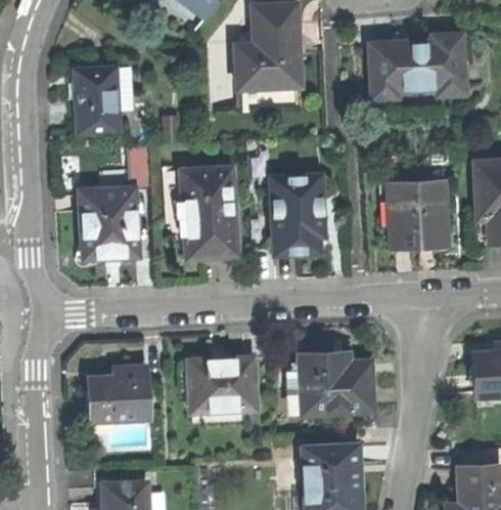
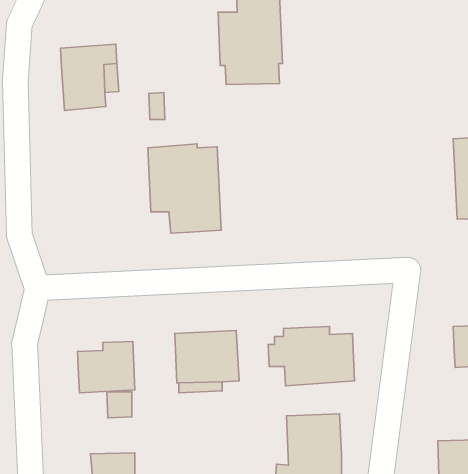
building: [369,33,463,96] -> none
building: [81,142,152,257] -> none
building: [271,173,323,251] -> none
building: [388,180,447,246] -> none

